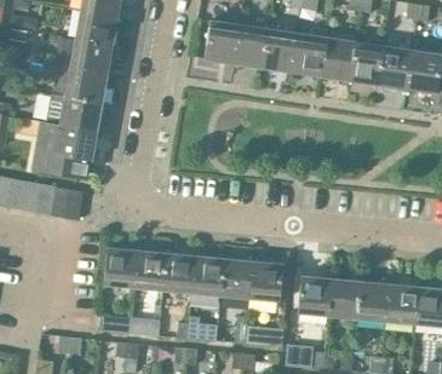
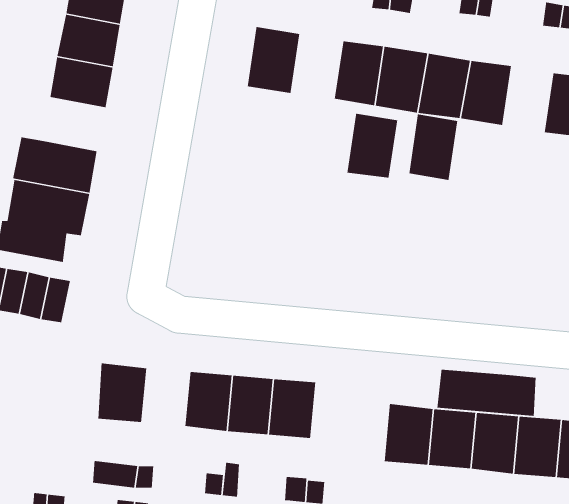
building: [234,24,269,69] -> [347,113,398,179]
building: [378,46,412,92] -> [408,113,458,181]
building: [64,68,108,104] -> none
building: [132,252,165,292] -> none
building: none -> [437,369,537,417]
building: [247,261,281,303] -> none

